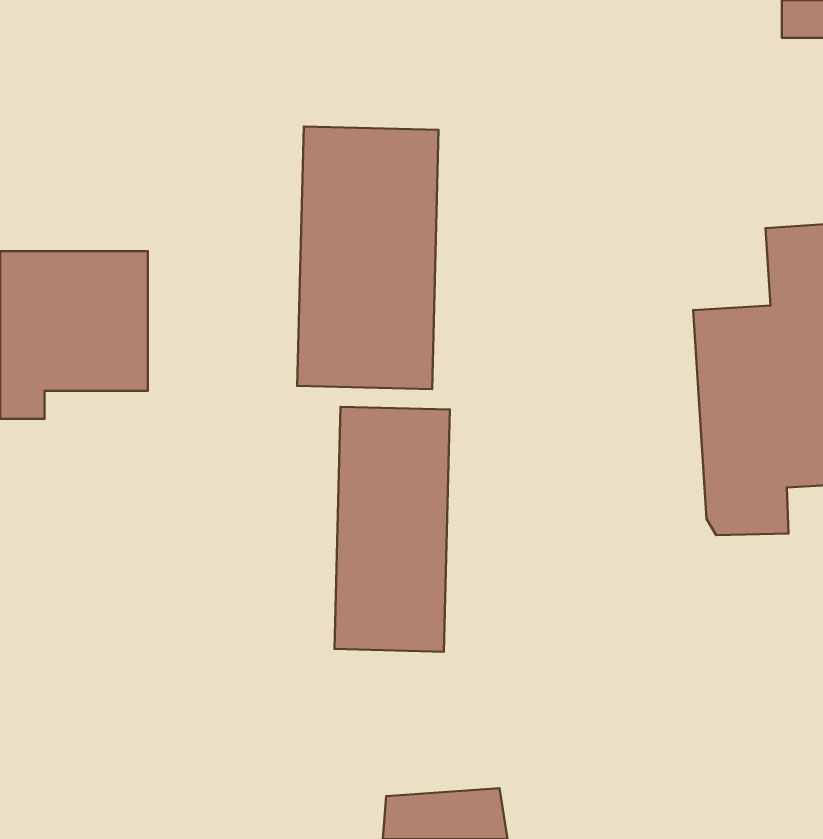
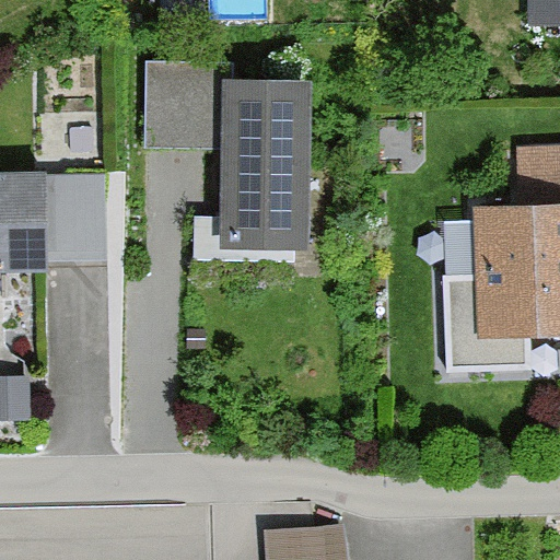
building: none -> [143,58,200,149]
building: [334,407,450,652] -> none

